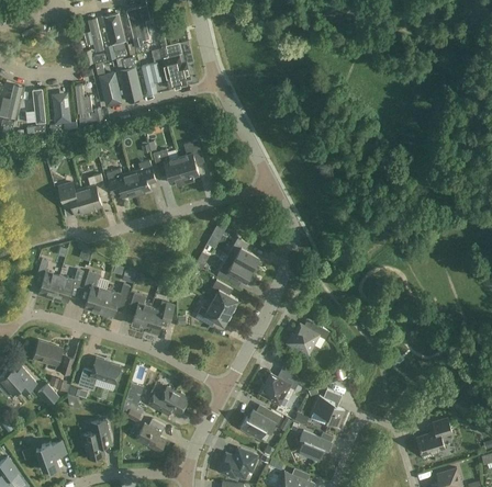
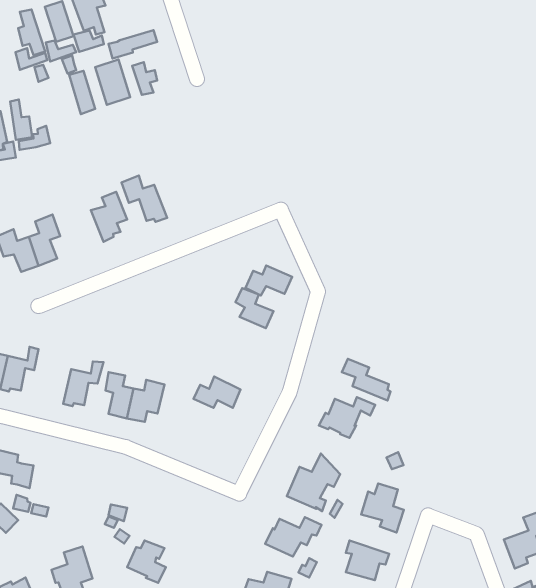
building: [98,73,121,109] -> none
building: [178,140,202,182] -> none
building: [107,169,137,199] -> none
building: [217,259,253,281] -> [246,265,292,296]
building: [83,271,107,314] -> none
building: [211,280,238,313] -> none
building: none -> [342,359,390,401]
building: [78,358,121,388] -> none
building: [148,386,189,412] -> none

